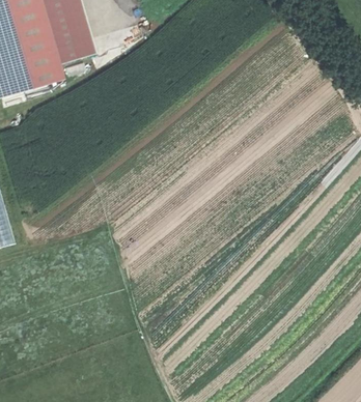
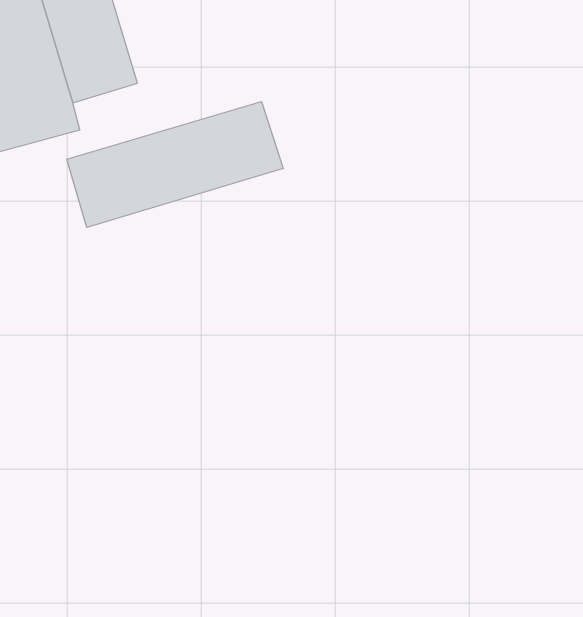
building: none -> [67,102,283,227]

